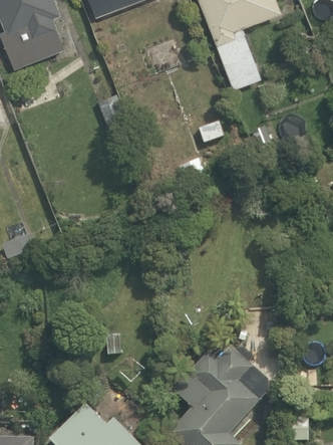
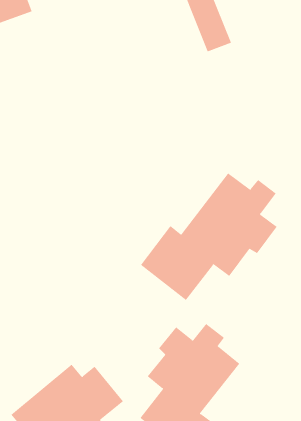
building: none -> [140,173,278,301]

